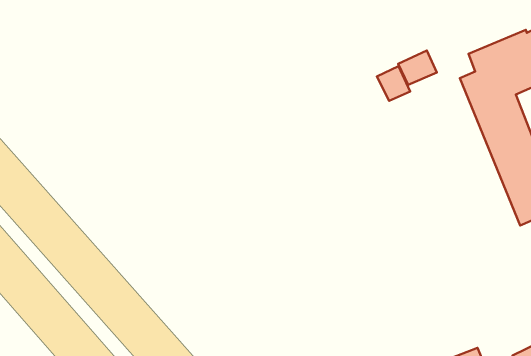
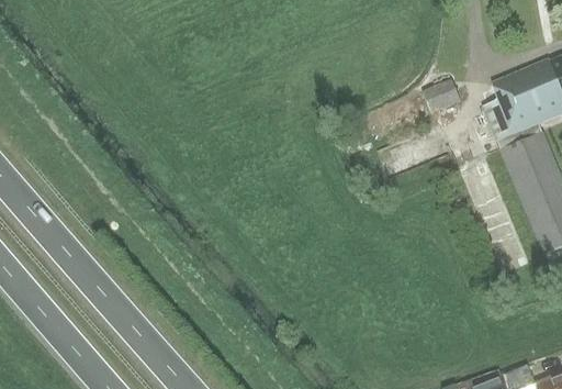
building: [377,66,410,101] -> none

